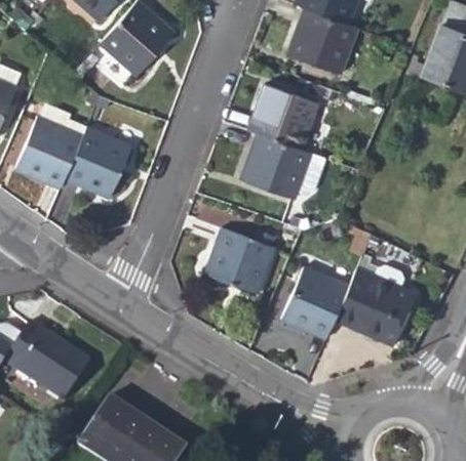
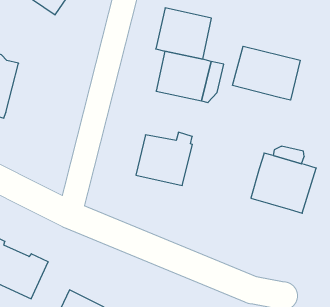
building: [64,125,132,199] -> none
building: none -> [233,46,300,100]
building: [283,267,350,340] -> none

